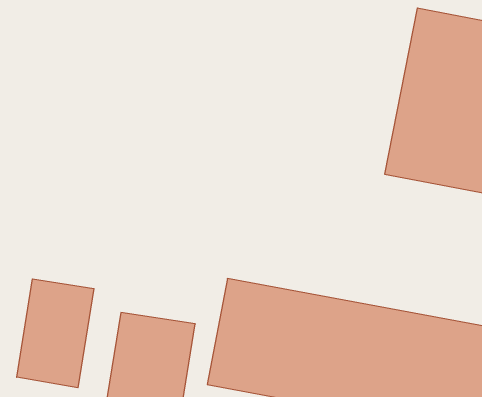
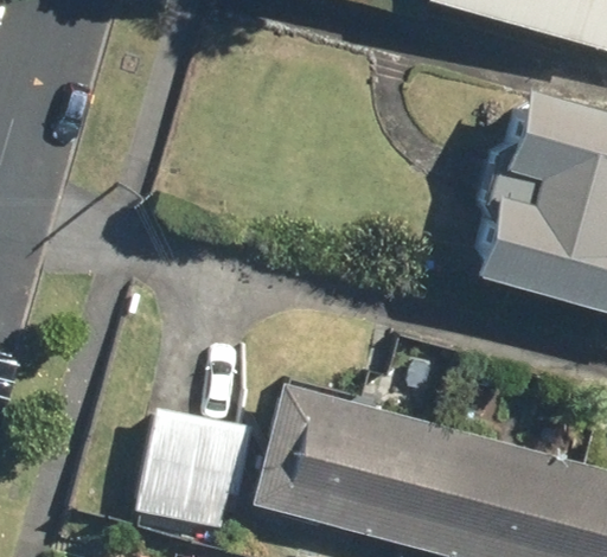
building: [17,279,94,388] -> none

